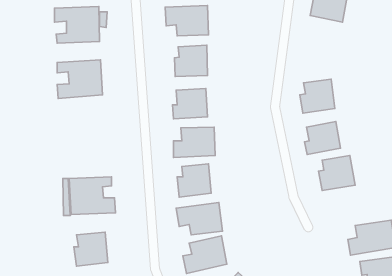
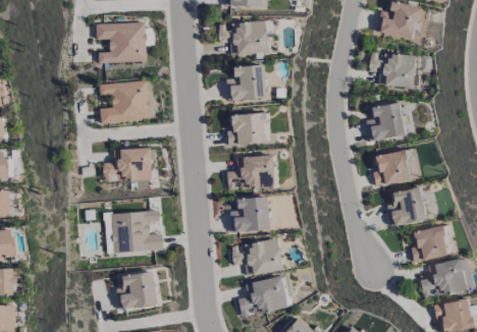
building: none -> [370,53,433,88]
building: none -> [104,149,152,181]
building: none -> [412,226,452,262]

